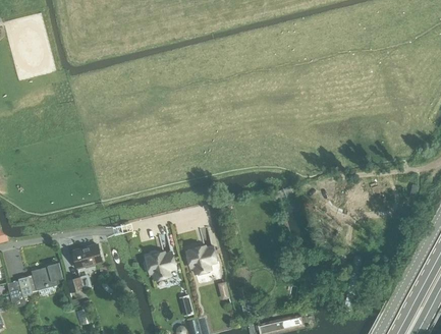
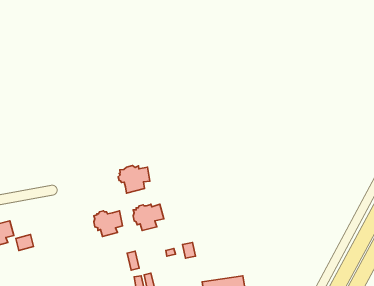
building: none -> [118,165,150,193]
building: [70,244,101,268] -> none

